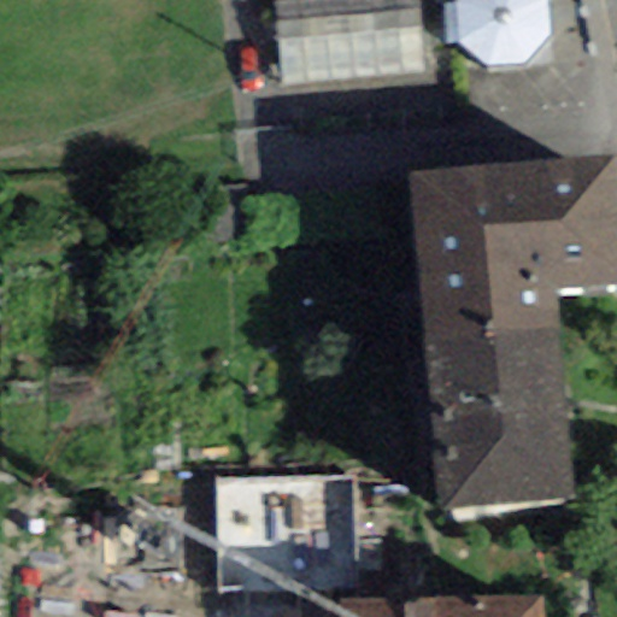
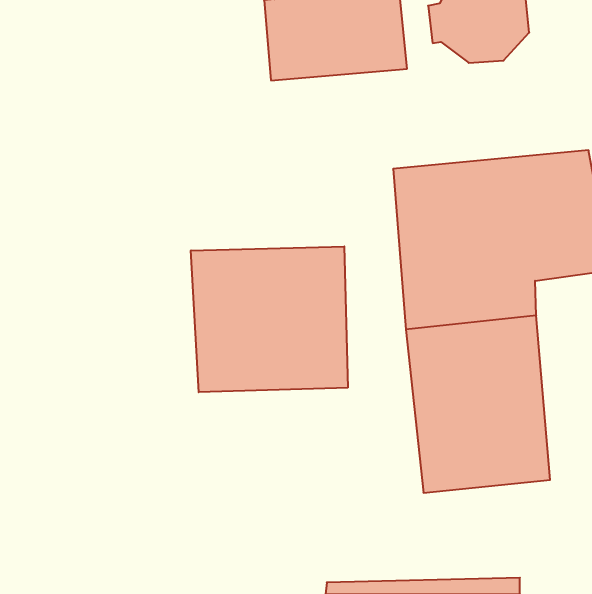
building: none -> [191,246,348,392]
building: [215,477,358,589] -> none

